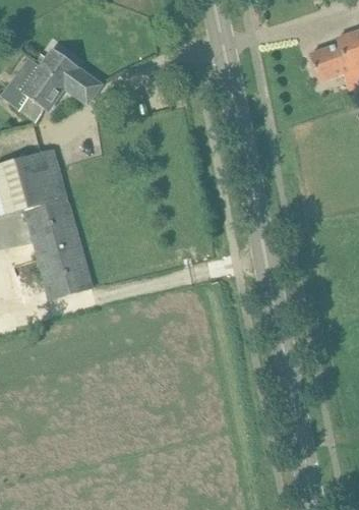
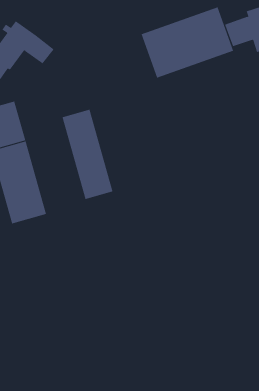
building: none -> [141,6,234,79]
building: none -> [62,109,113,200]

